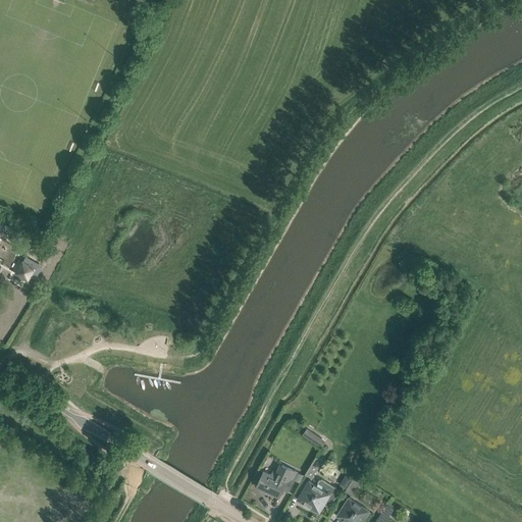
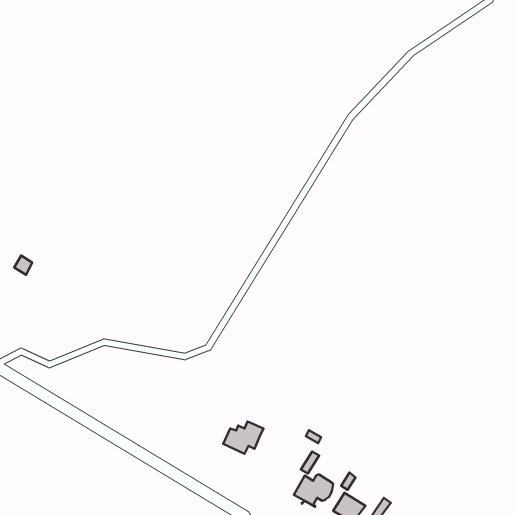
building: [256,465,297,498] -> [223,422,264,454]

